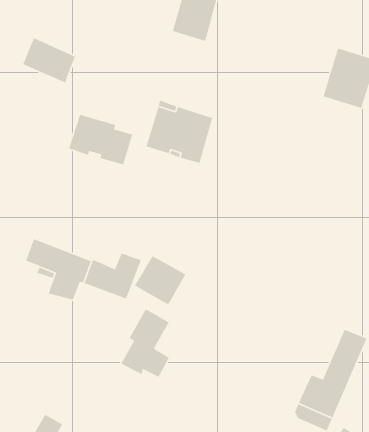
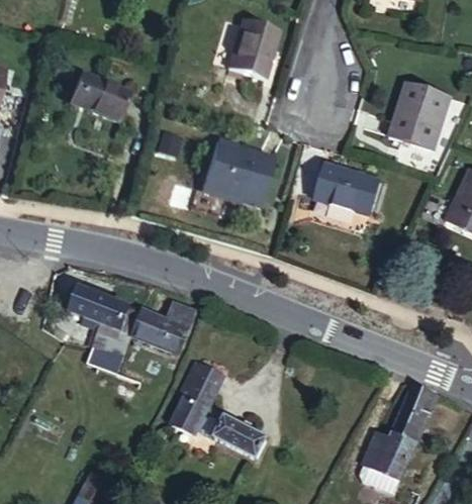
building: [68,114,133,166] -> none
building: none -> [315,164,379,214]
building: [134,255,187,305] -> none
building: none -> [214,416,267,459]

